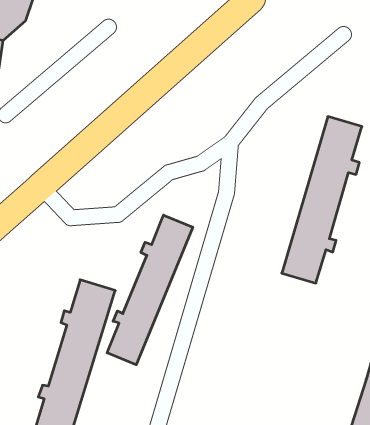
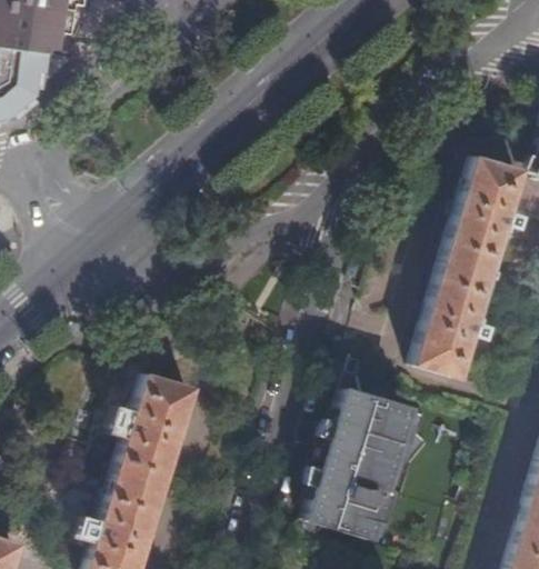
building: [107,215,193,365] -> none
building: none -> [301,356,432,539]

